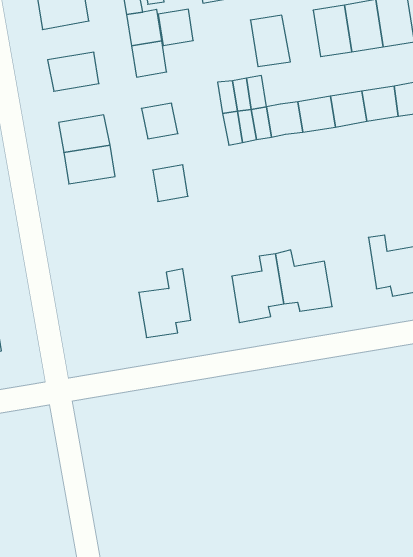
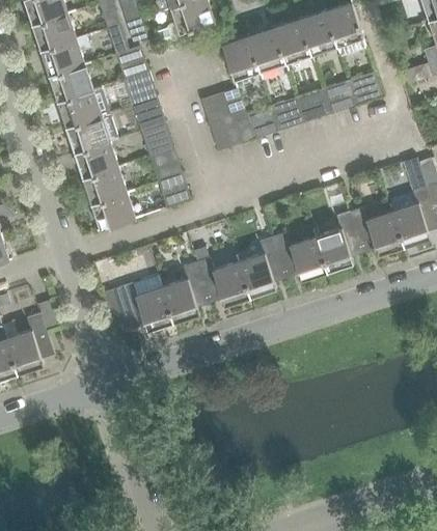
building: [158,9,193,46] -> [131,93,164,128]
building: none -> [246,22,284,68]
building: none -> [45,60,91,99]
building: none -> [62,109,116,150]
building: none -> [148,144,182,178]
building: none -> [87,189,134,227]
building: none -> [315,207,362,271]
building: none -> [195,254,250,305]
building: none -> [117,279,173,330]

